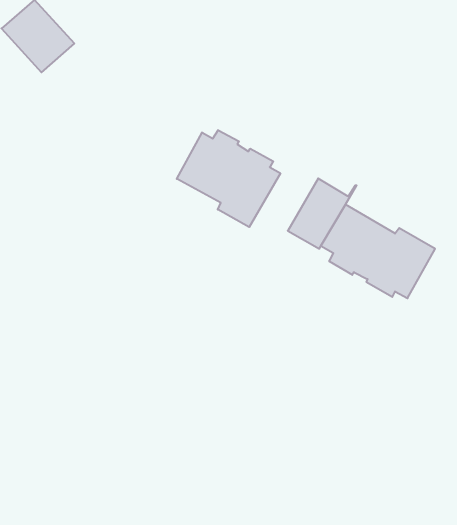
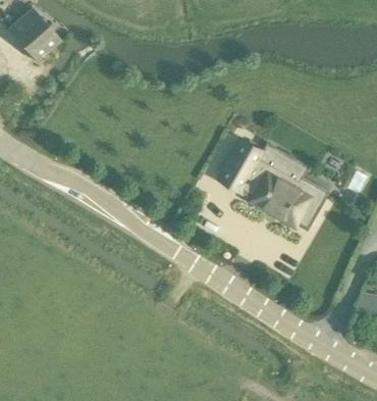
building: [177,130,280,227] -> none

